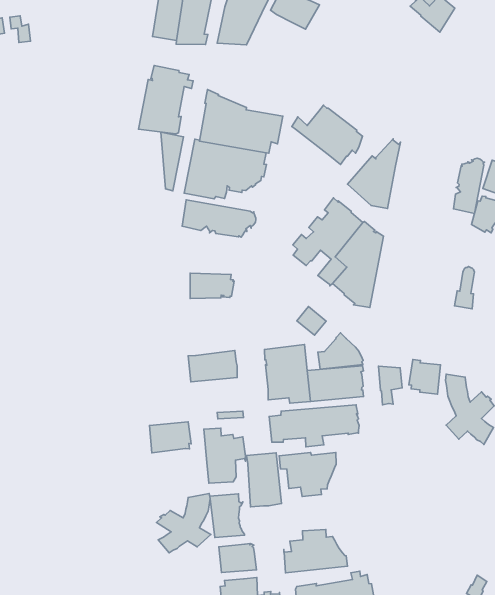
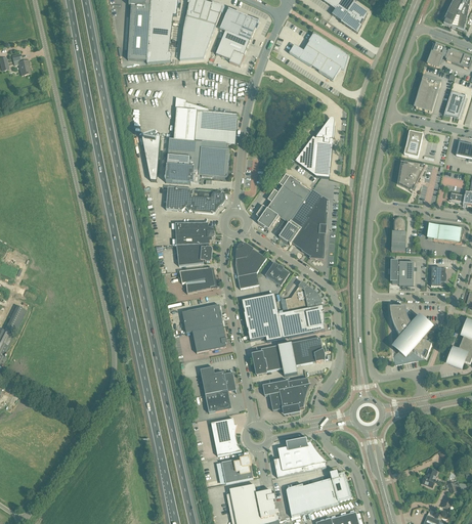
building: none -> [215,31,249,66]
building: [139,65,193,134] -> none
building: [292,105,362,164] -> [290,33,347,79]
building: [454,158,485,213] -> none
building: none -> [175,222,214,245]
building: none -> [235,242,266,288]
building: none -> [179,267,215,293]
building: [409,360,440,394] -> [389,259,413,285]
building: [378,366,402,405] -> none
building: [150,422,191,453] -> [191,324,226,352]
building: [247,453,281,507] -> none
building: [156,494,211,553] -> none

